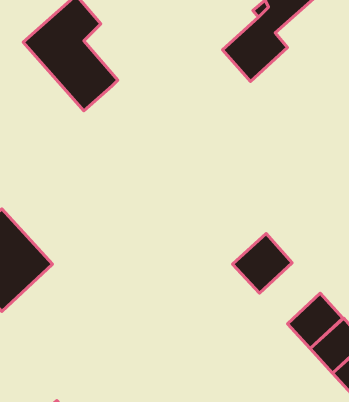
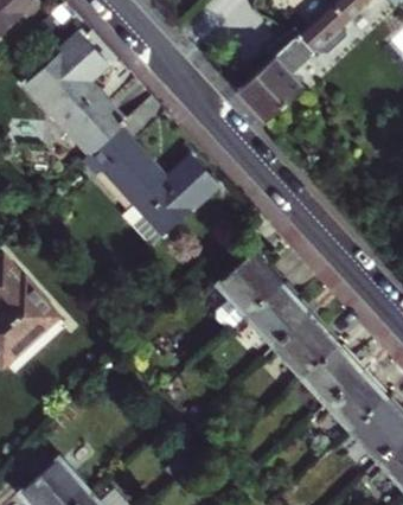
building: none -> [84,129,218,247]
building: none -> [218,252,282,328]
building: none -> [275,317,338,378]

